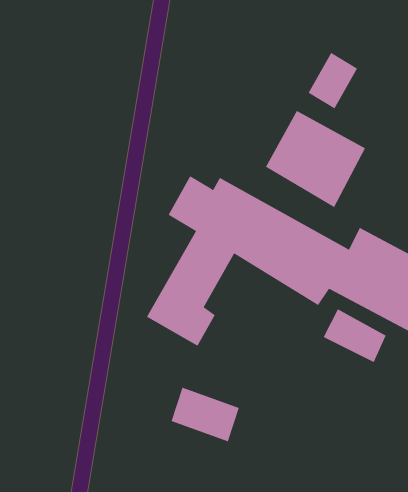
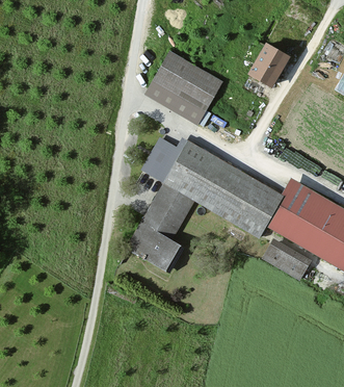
building: [265,110,366,208] -> [145,50,222,125]
building: [171,387,239,442] -> none

